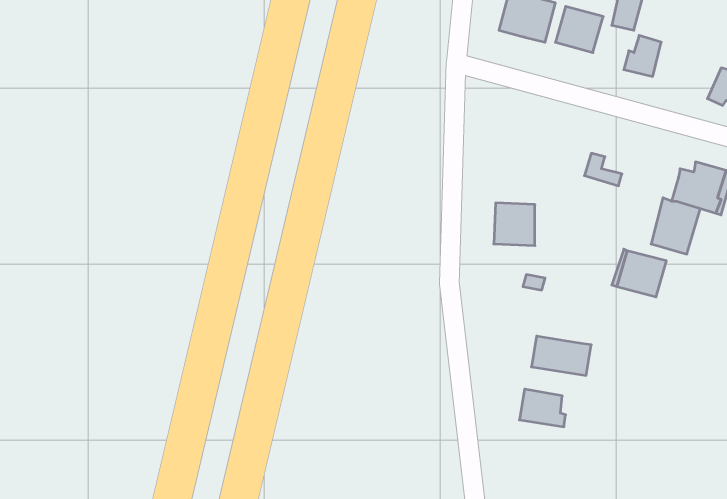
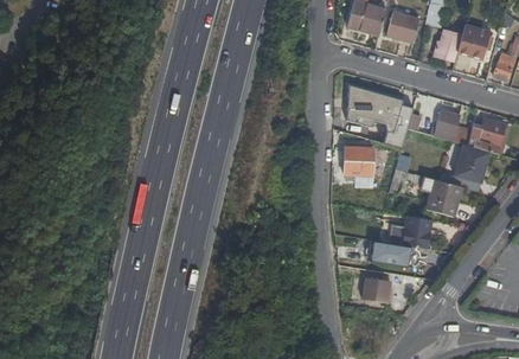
building: none -> [457,25,489,60]
building: none -> [346,85,403,134]
building: none -> [432,110,472,146]
building: none -> [403,217,430,248]

